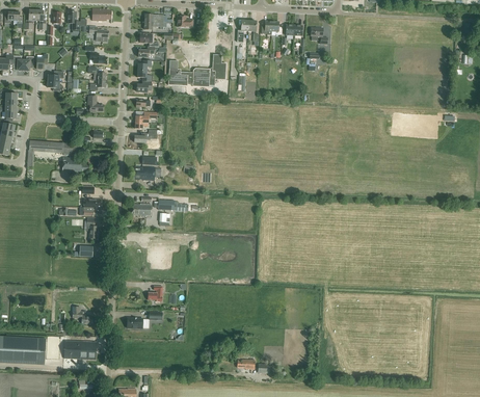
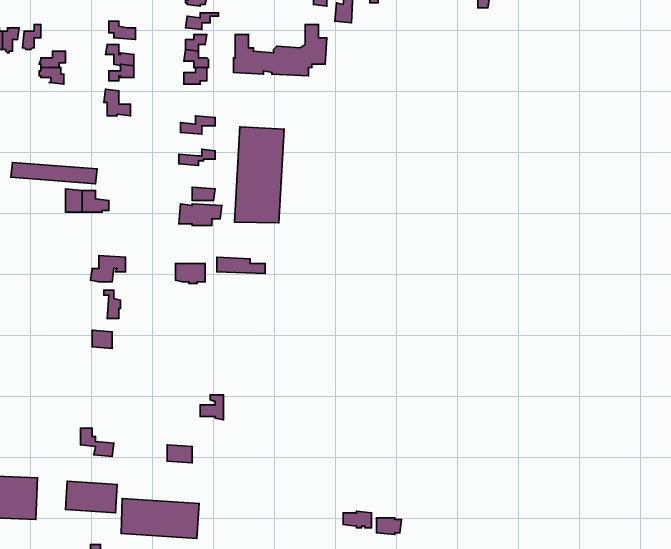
building: none -> [235,127,284,223]
building: none -> [121,498,199,539]

